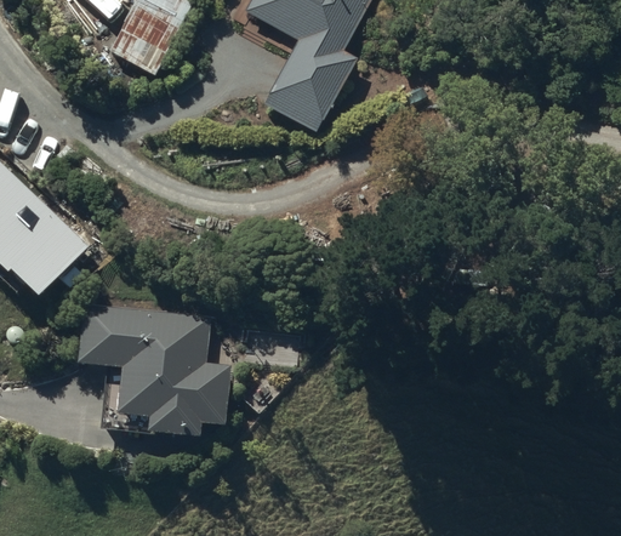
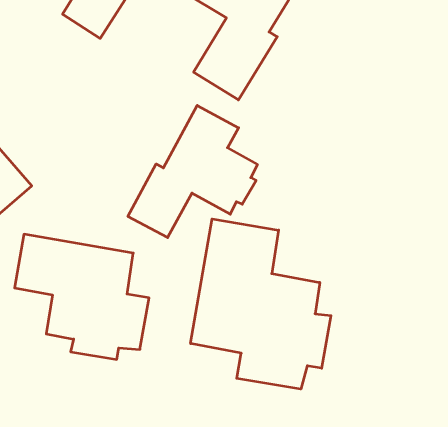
building: none -> [128,105,257,238]
building: none -> [191,219,331,389]

